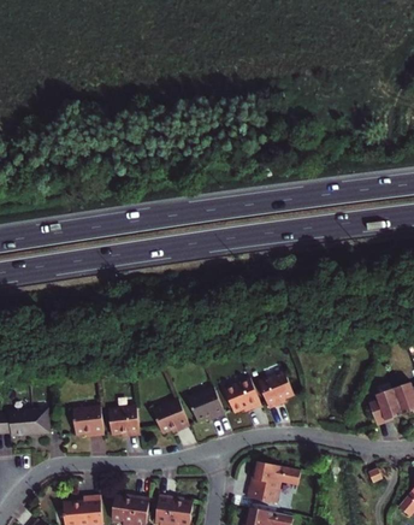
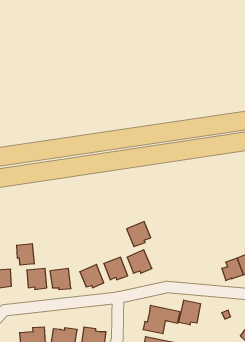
building: none -> [17,244,34,265]
building: [259,372,295,409] -> [127,222,151,247]
building: none -> [179,300,200,325]

